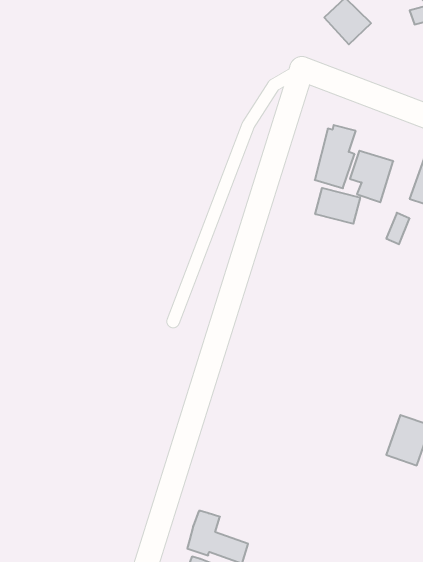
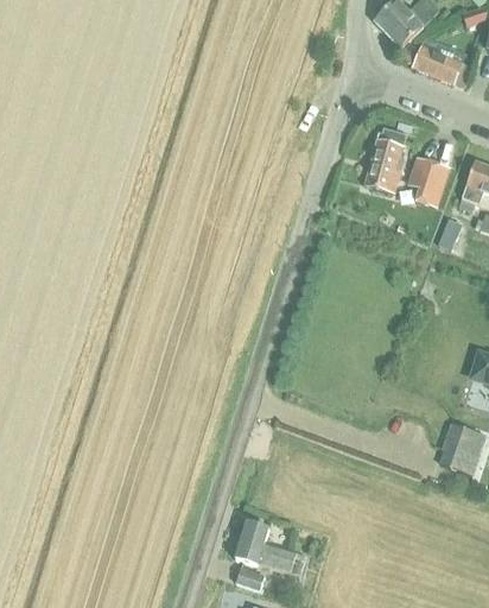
building: none -> [404,43,462,82]
building: [315,188,360,224] -> none

